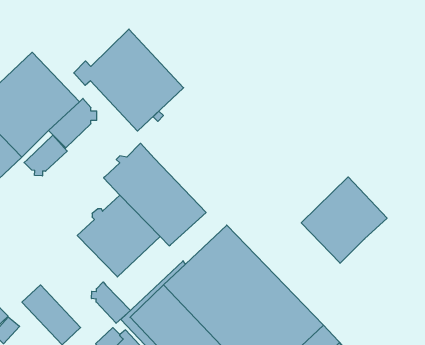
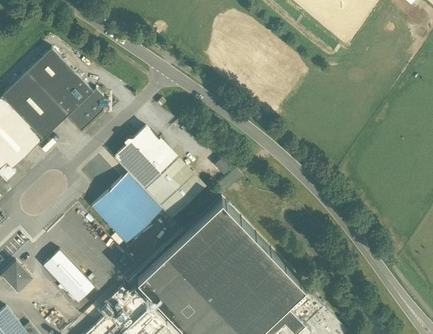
building: [74,29,184,131] -> none
building: [24,135,67,176] -> none
building: [301,177,387,263] -> none
building: [92,282,130,323] -> none

